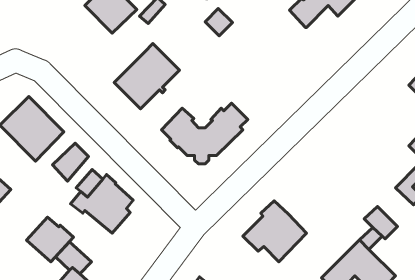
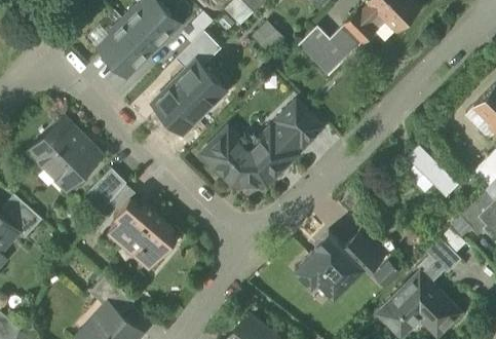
building: none -> [98,21,151,76]
building: none -> [297,26,360,76]
building: none -> [175,31,221,71]
building: none -> [275,102,321,148]
building: none -> [405,146,457,197]
building: none -> [342,229,385,272]
building: [26,217,73,262] -> none

